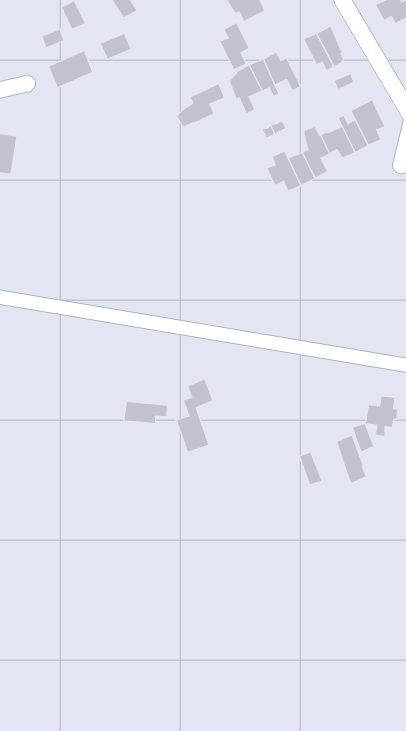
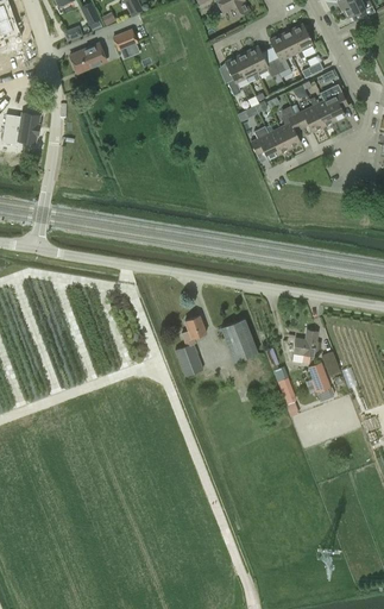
building: [219,22,250,70] -> [266,33,291,73]
building: [177,83,225,127] -> none
building: none -> [220,318,258,363]
building: [365,396,398,436] -> [292,331,320,364]
building: [124,401,167,424] -> none

